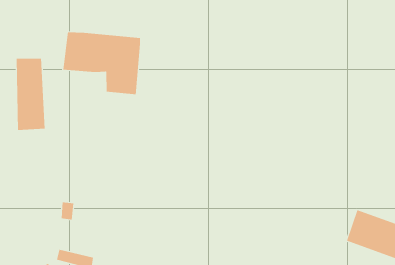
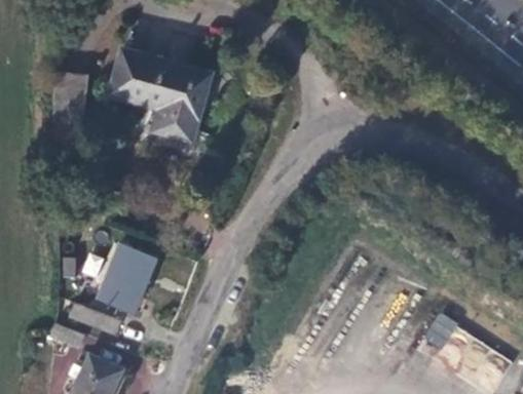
building: none -> [101,247,153,312]

